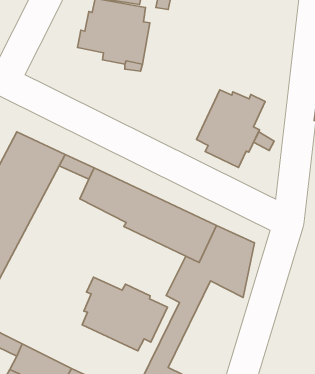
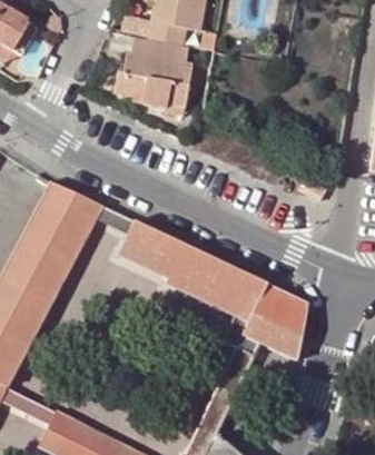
building: [197,90,265,167] -> none
building: [82,277,168,351] -> none

